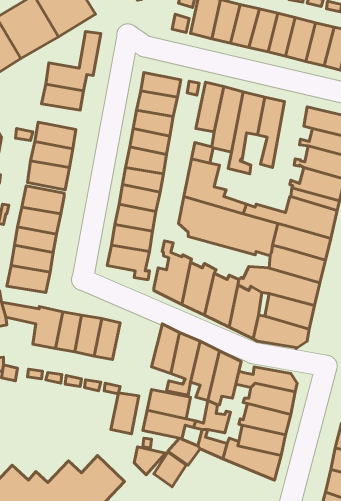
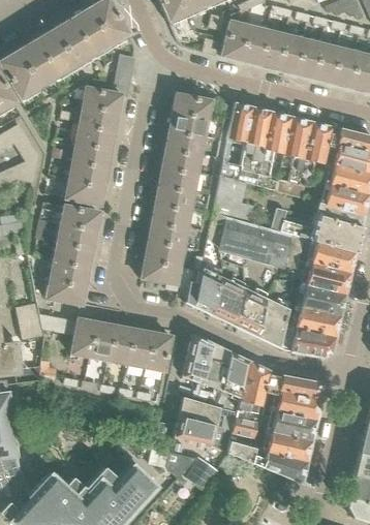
building: none -> [300,121,333,186]
building: none -> [75,123,116,148]
building: [111,393,139,434] -> [147,333,174,372]

